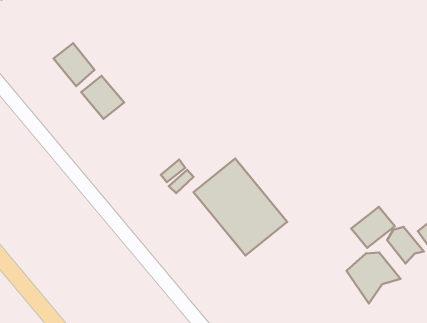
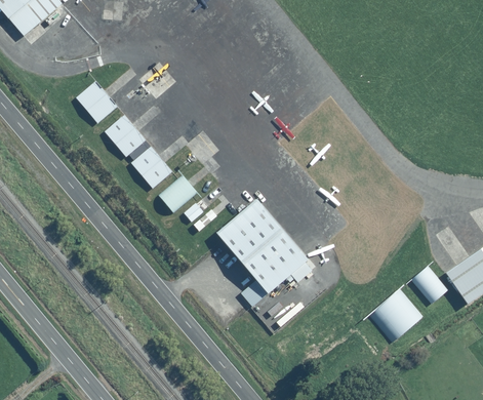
building: none -> [131,147,173,189]
building: none -> [158,175,197,213]
building: [351,207,395,248] -> none

